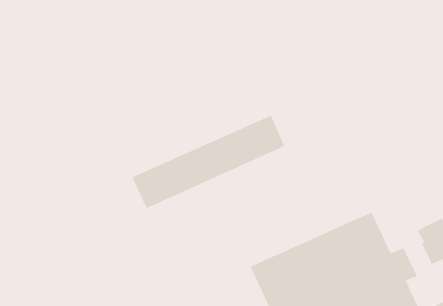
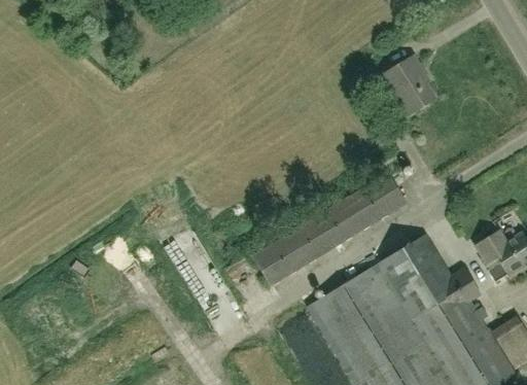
building: none -> [382,57,435,116]
building: [132,115,285,209] -> [251,172,407,286]

